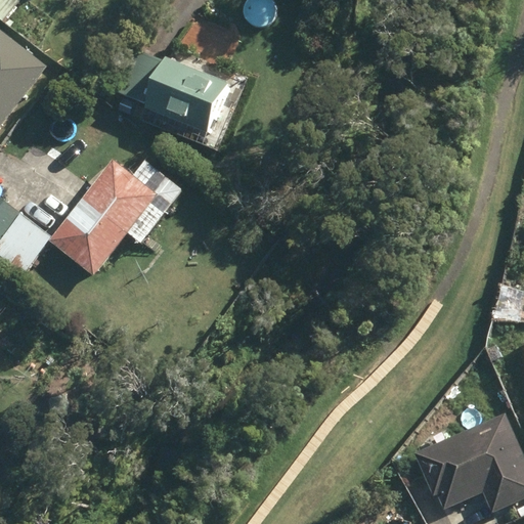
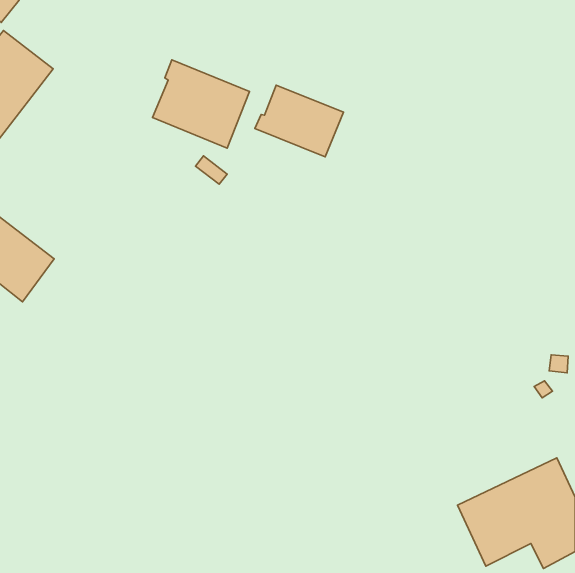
building: none -> [255,85,343,157]
building: [46,160,180,277] -> none

